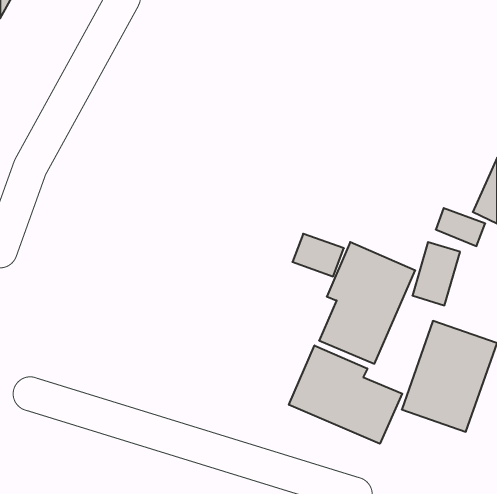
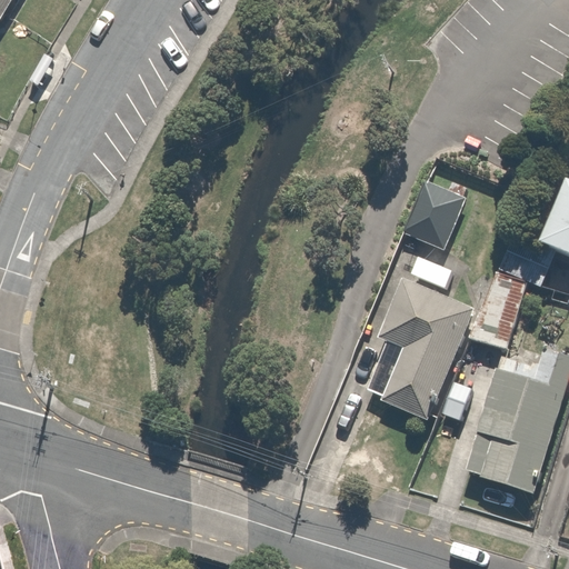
building: [292,234,344,276] -> [400,198,459,247]
building: [289,345,402,444] -> none

